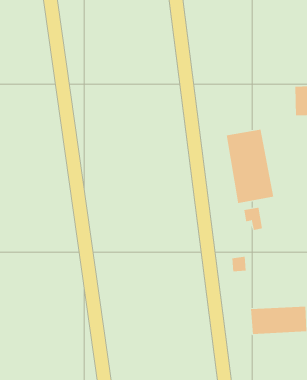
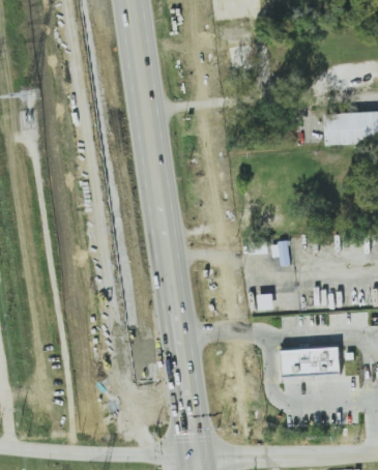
building: [226,129,274,204] -> none

